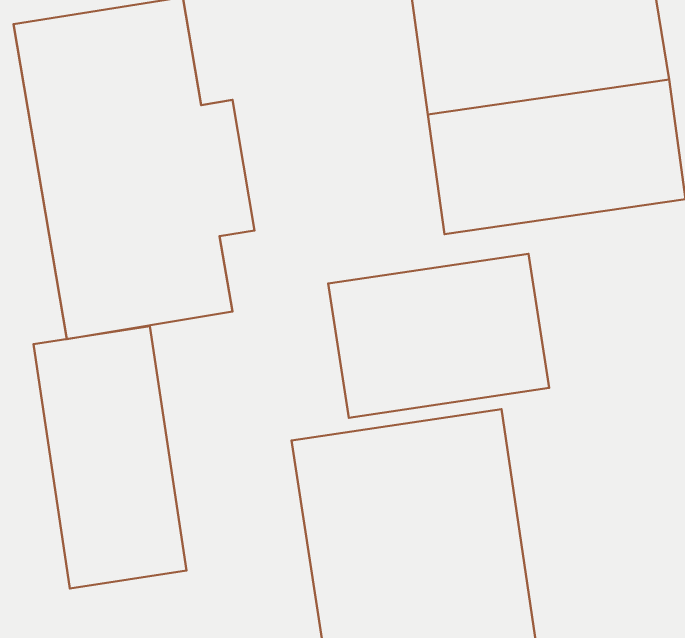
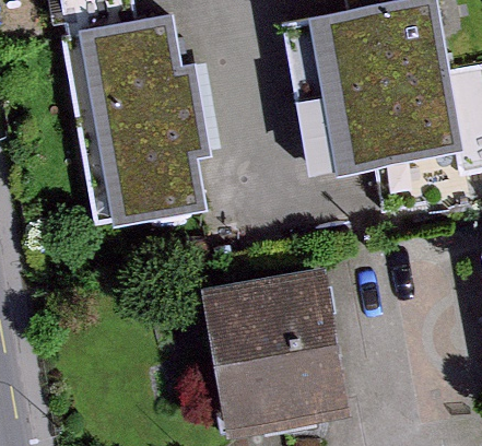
building: [328,254,549,418] -> none
building: [34,326,186,589] -> none

